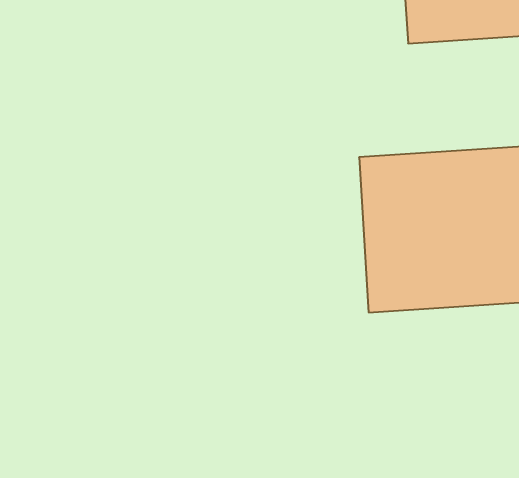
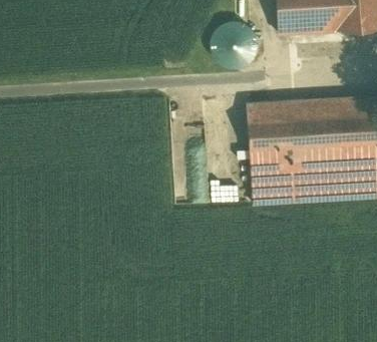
building: none -> [210,21,257,68]

